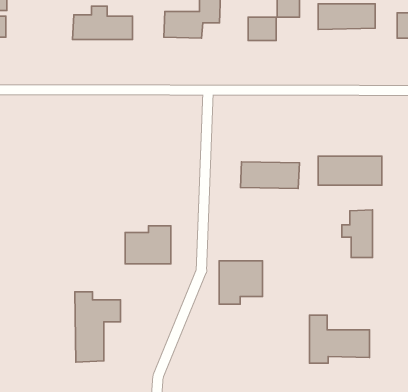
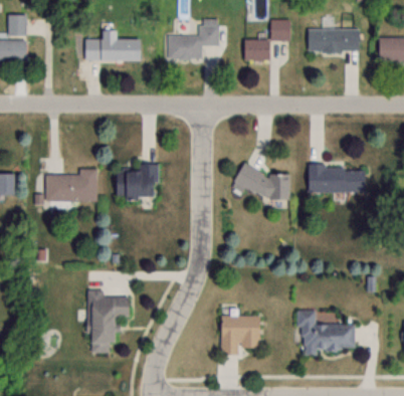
building: none -> [45,170,96,202]
building: [342,210,372,258] -> none
building: [125,226,171,264] -> [117,165,158,199]
building: [219,261,263,304] -> [220,316,259,355]

